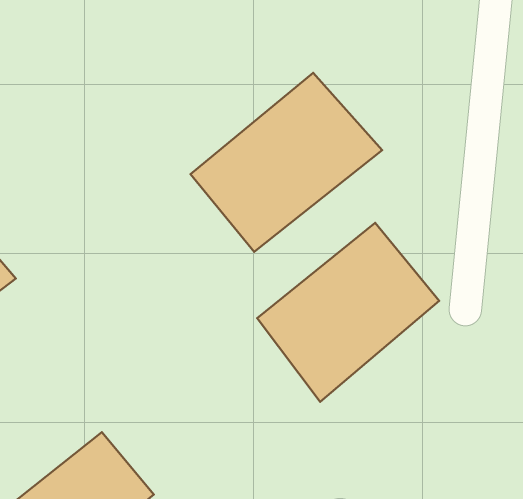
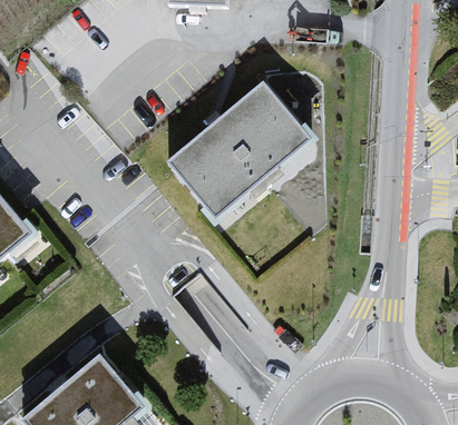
building: [257,223,439,402] -> none

